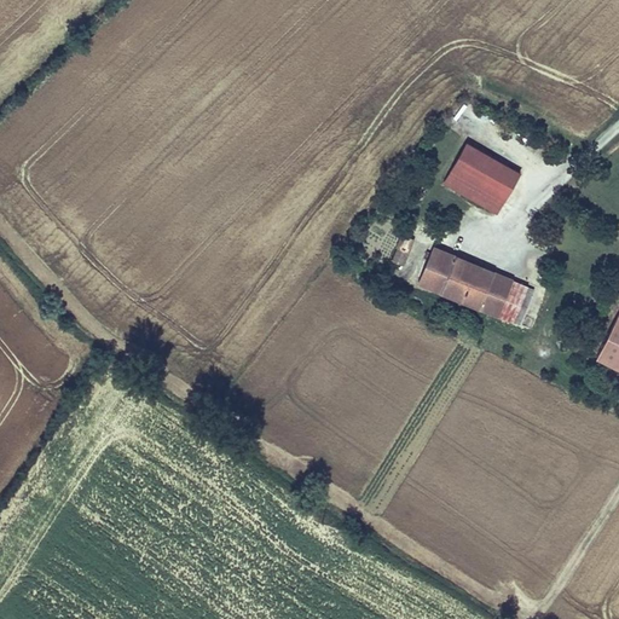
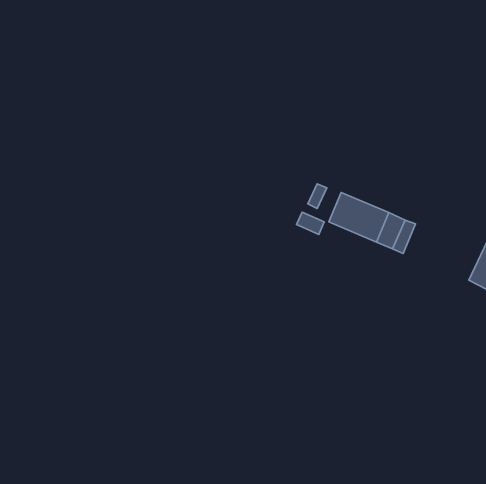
building: [442,144,521,215] -> none
building: none -> [296,212,324,235]

